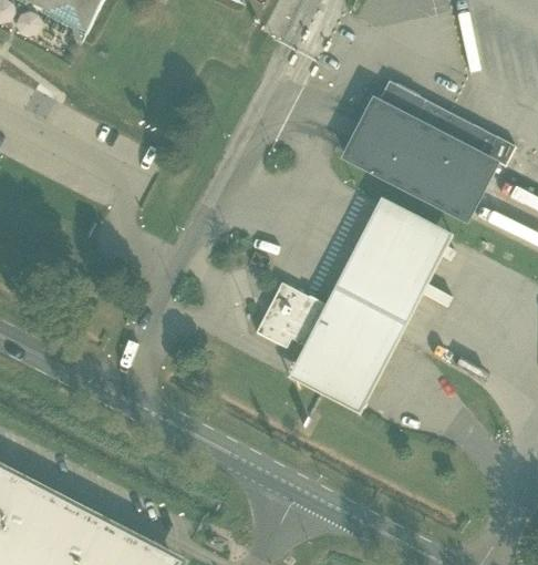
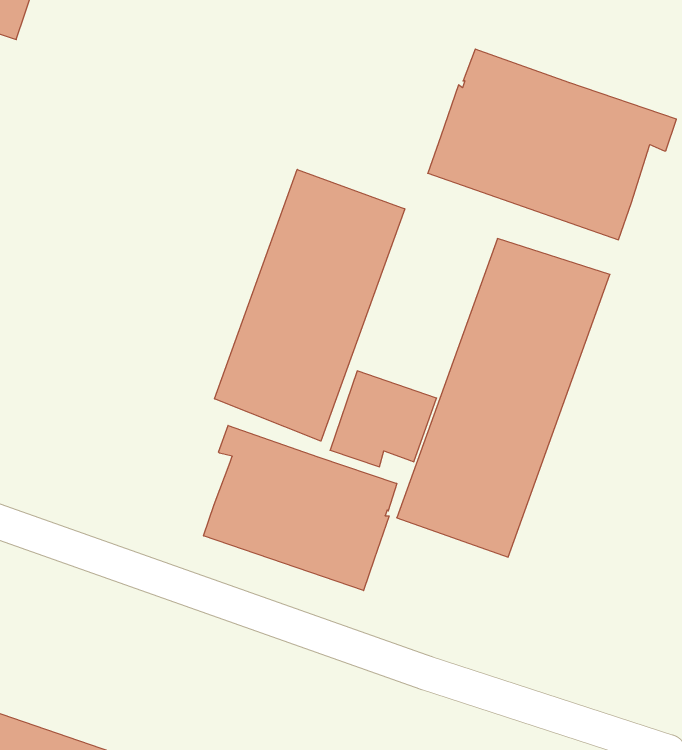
building: none -> [215,169,405,441]
building: none -> [204,425,397,591]

